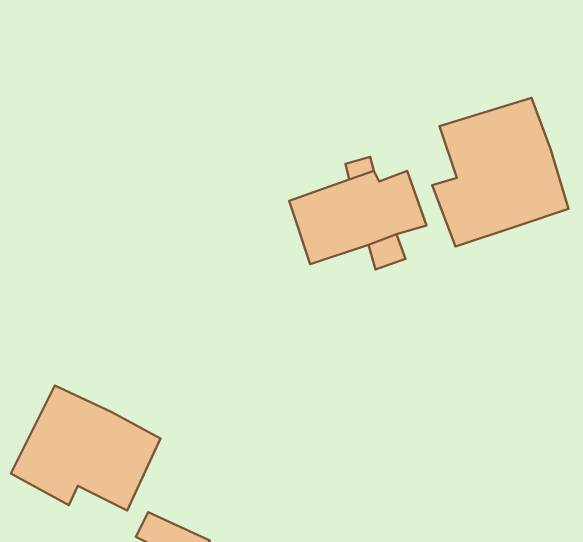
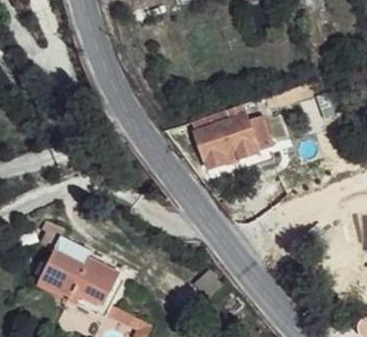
building: [432,98,569,246] -> none

